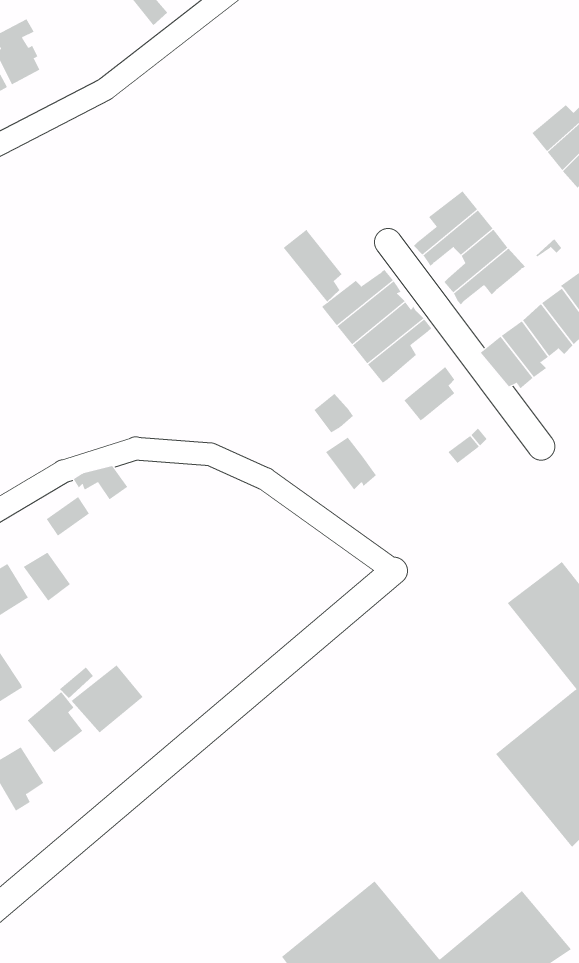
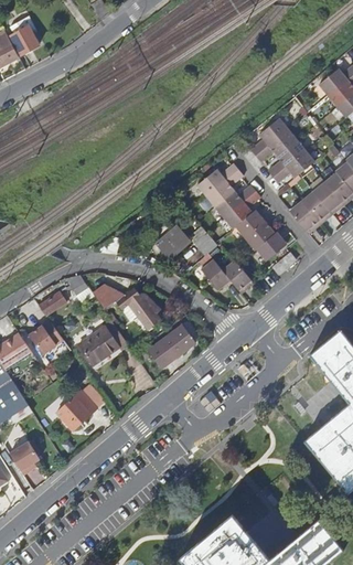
building: [283,229,342,302] -> none
building: none -> [238,210,271,238]
building: none -> [153,227,188,262]
building: none -> [258,231,289,262]
building: none -> [224,260,253,295]
building: none -> [94,285,162,333]
building: none -> [81,323,129,366]
building: none -> [153,327,195,364]
building: [27,691,83,753] -> none

